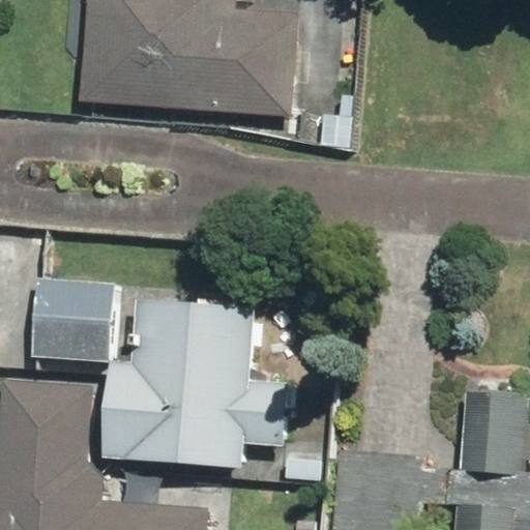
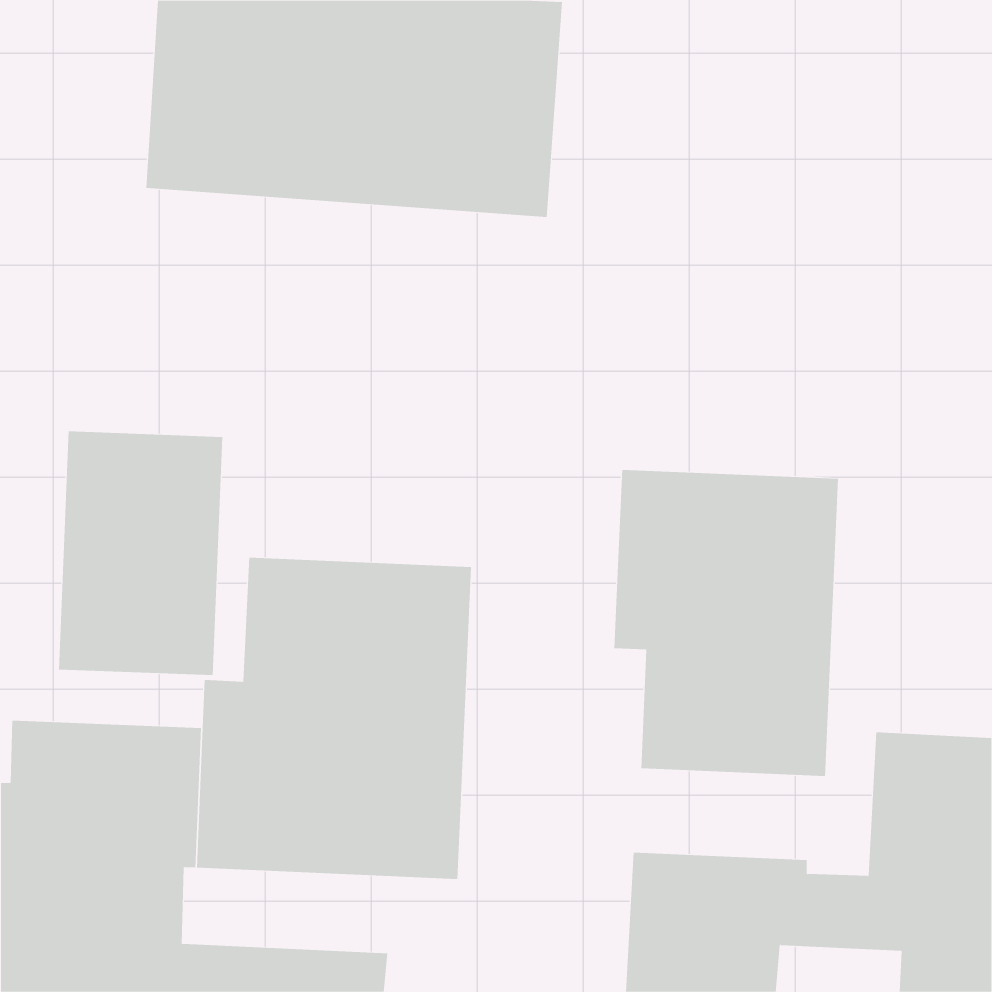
building: none -> [614,469,838,777]

